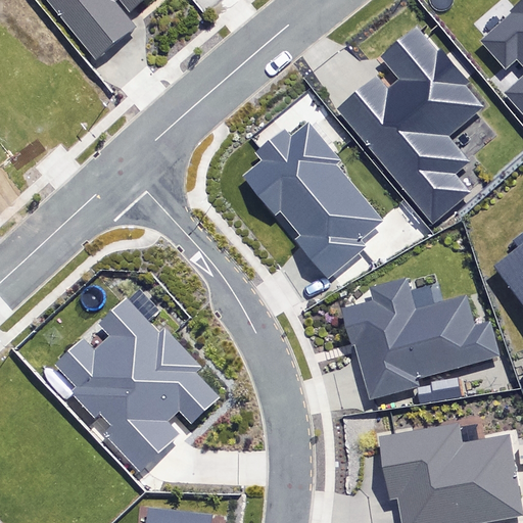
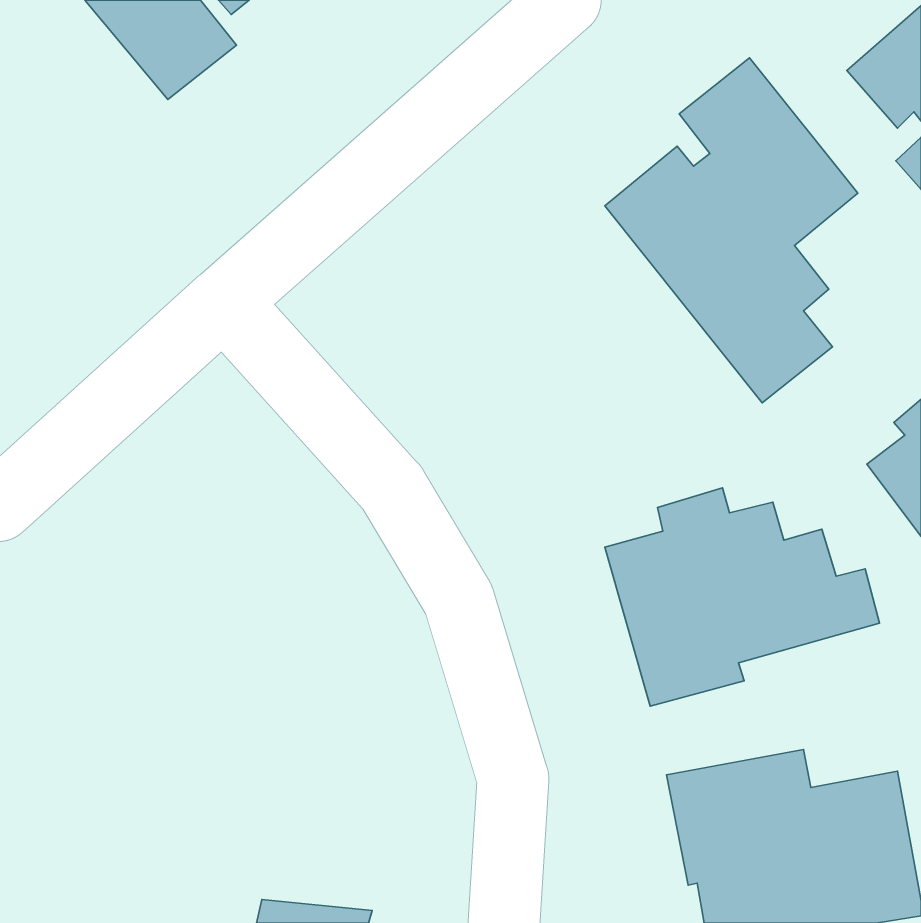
building: [243,121,384,280] -> none
building: [64,303,224,475] -> none

